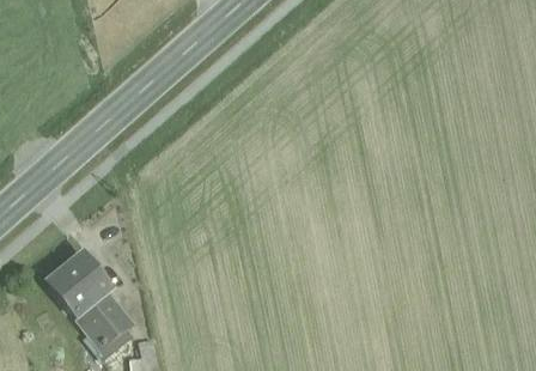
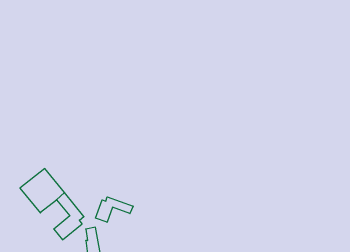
building: none -> [96,197,133,222]
building: [75,298,115,337] -> none

